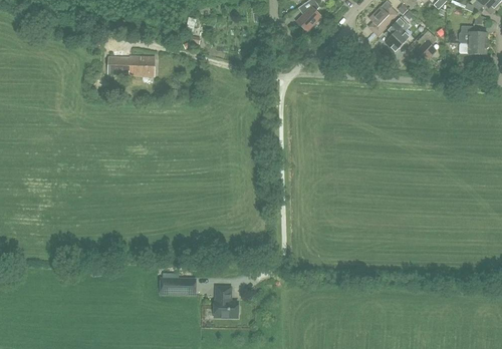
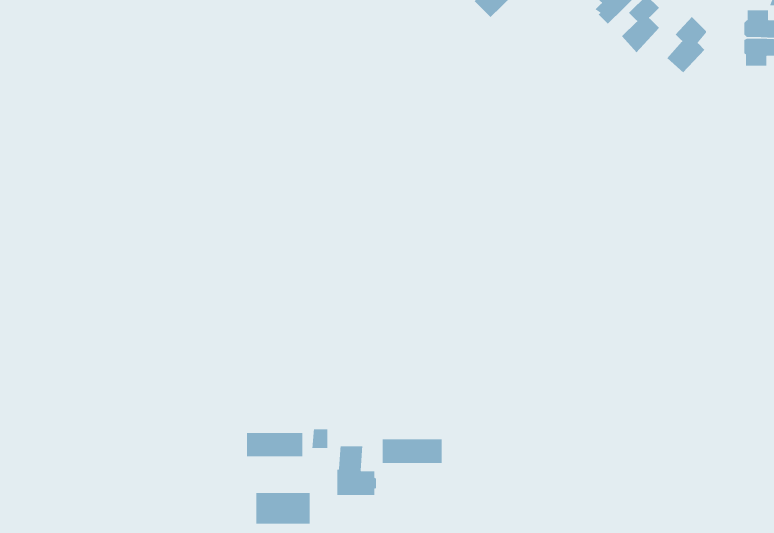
building: [108,54,155,74] -> none
building: none -> [382,438,443,464]
building: none -> [255,492,310,525]

